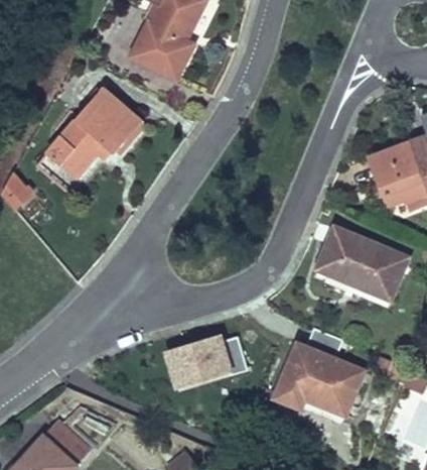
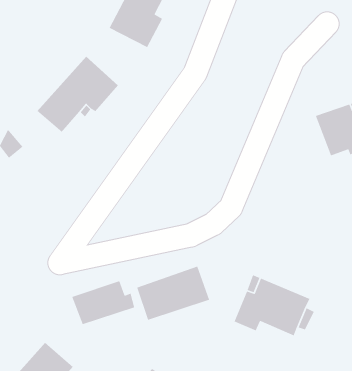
building: [319,226,407,298] -> none
building: none -> [71,280,135,325]

